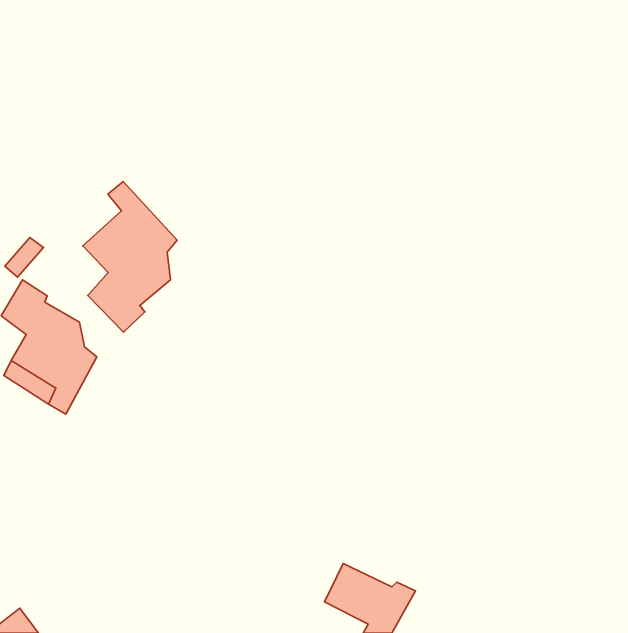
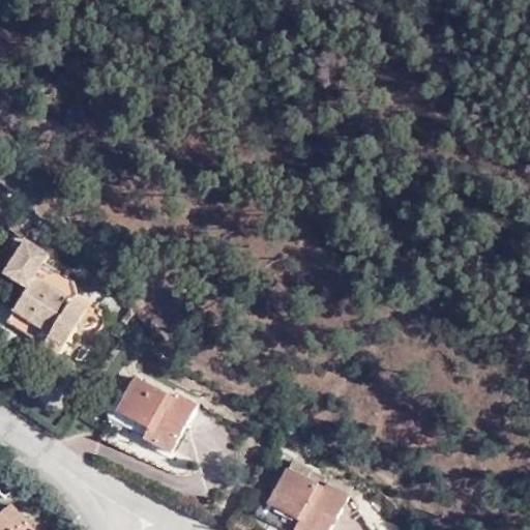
building: [83,182,177,332] -> none
building: none -> [114,381,194,462]

